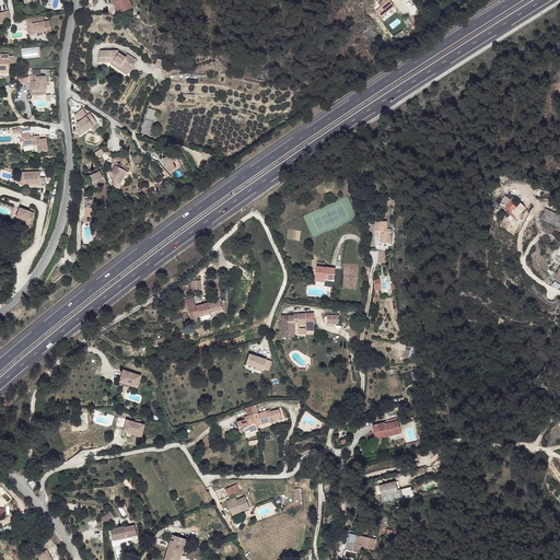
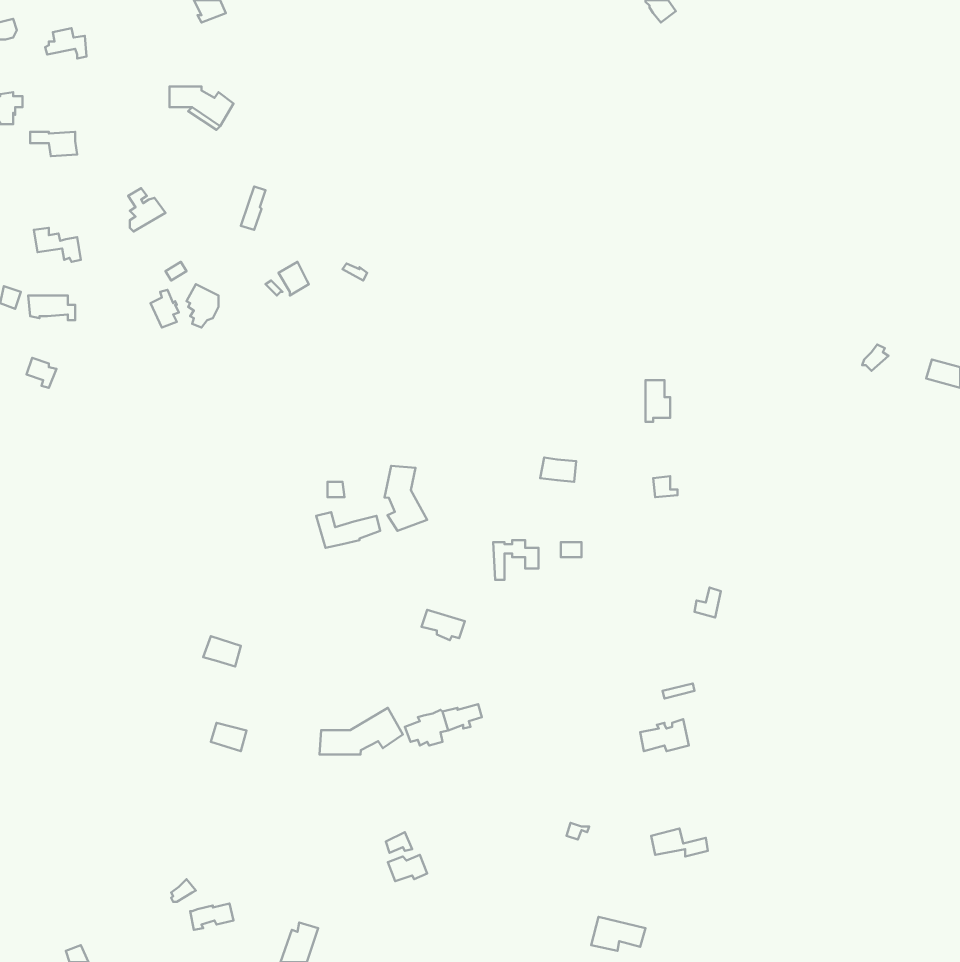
building: none -> [384,466,427,531]
building: none -> [320,708,403,755]

